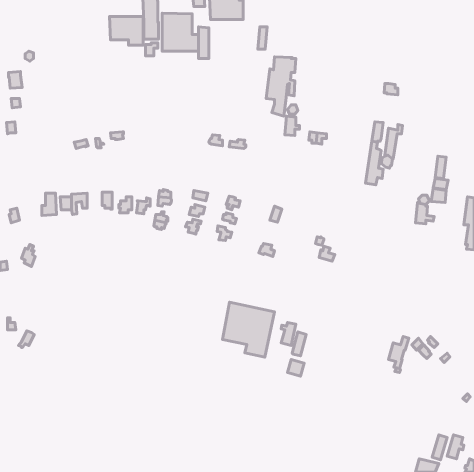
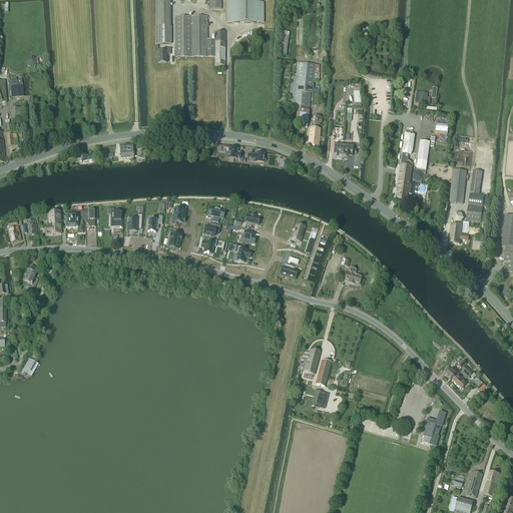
building: [110,16,143,45] -> none
building: none -> [449,167,466,201]
building: [223,302,275,357] -> none
building: [388,336,409,373] -> [424,409,446,448]

